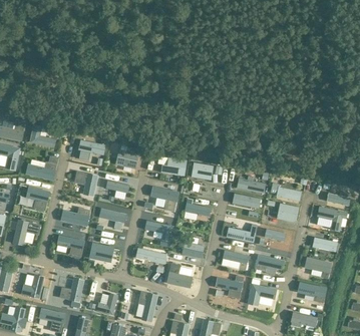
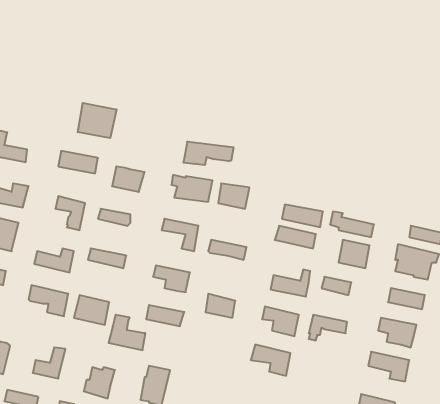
building: none -> [78,103,117,138]
building: none -> [184,141,233,165]
building: [165,263,192,288] -> [109,315,145,350]
building: [247,283,276,306] -> none

